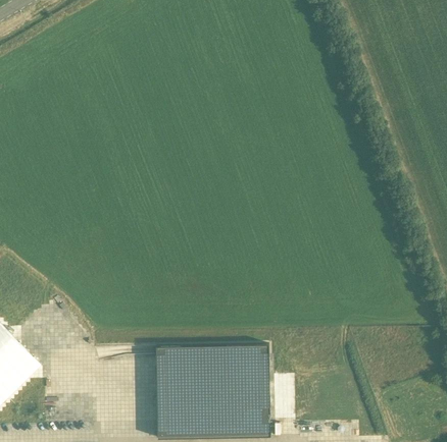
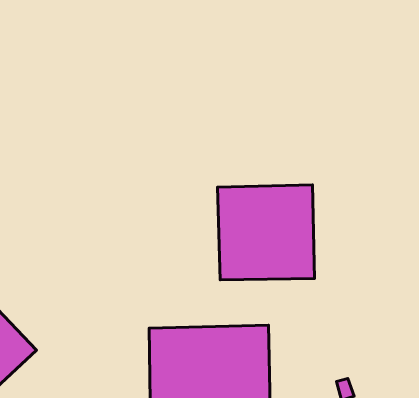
building: none -> [218,185,314,280]

